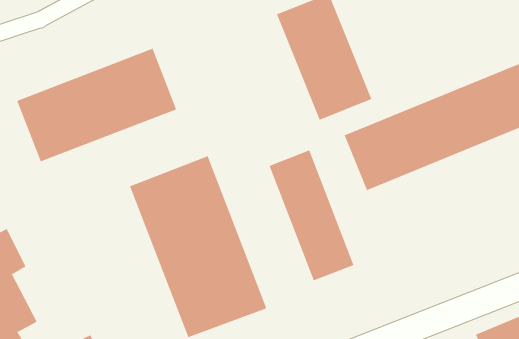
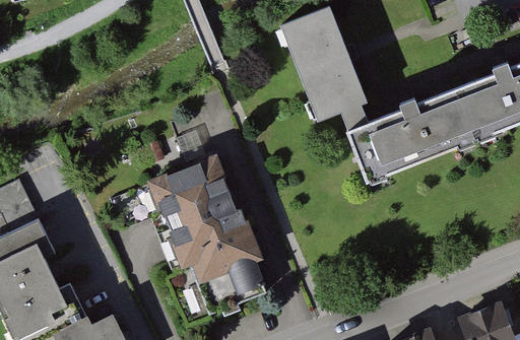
building: [17,48,177,162] -> none
building: [269,150,354,281] -> none

